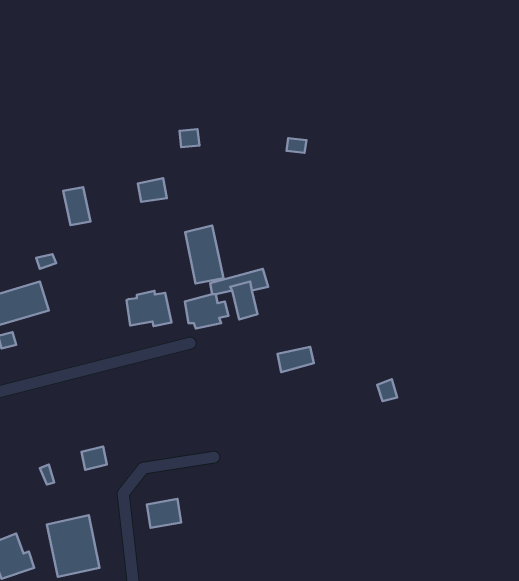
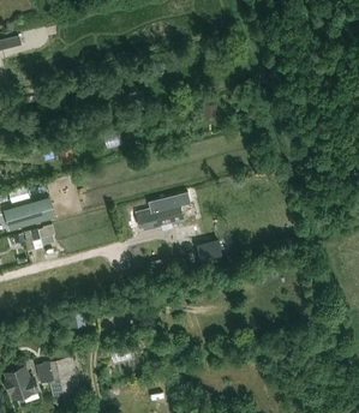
building: [185,225,223,283] -> none
building: [127,291,171,326] -> none

